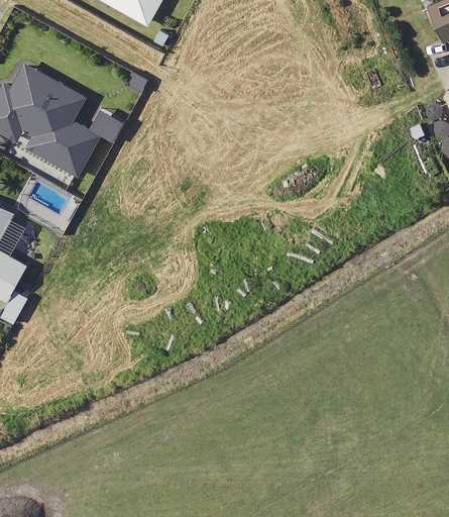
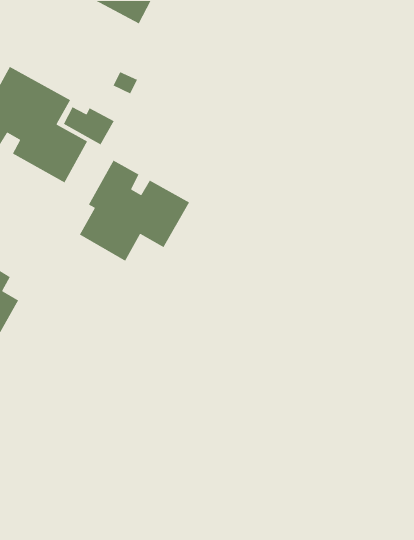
building: none -> [79,160,190,262]

